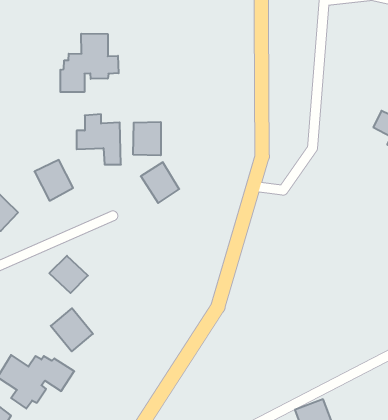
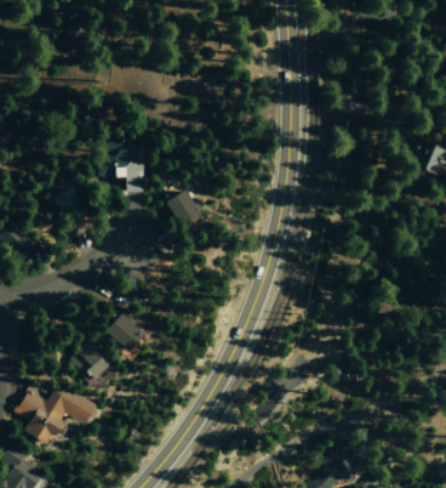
building: [60,34,119,92] -> none
building: [133,122,161,155] -> none
building: [49,256,88,293] -> [107,313,147,352]

